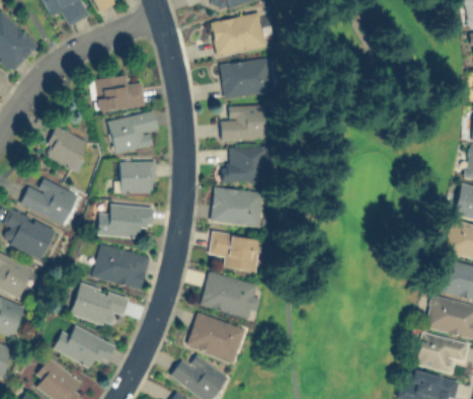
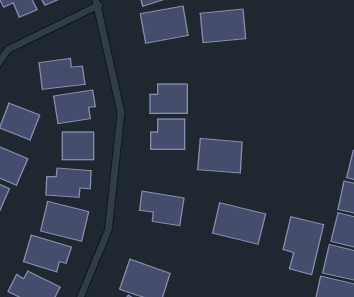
building: [221,59,274,98] -> [200,9,246,43]
building: [211,187,263,228] -> [197,139,242,173]
building: none -> [283,217,324,275]
building: [200,271,262,320] -> [212,203,266,244]

